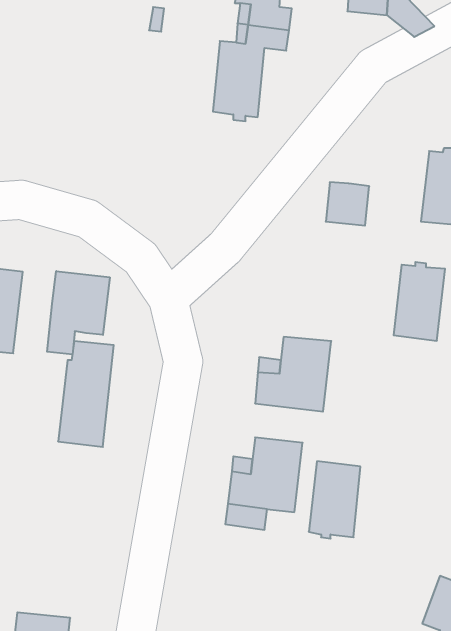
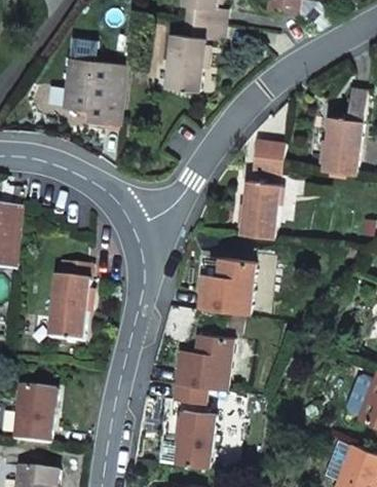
building: none -> [63,58,127,126]
building: [394,262,445,341] -> [240,179,279,238]
building: [47,271,110,354] -> none
building: [309,461,360,539] -> [176,410,215,469]
building: none -> [13,386,54,444]

